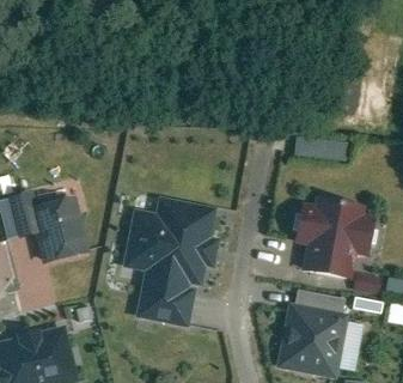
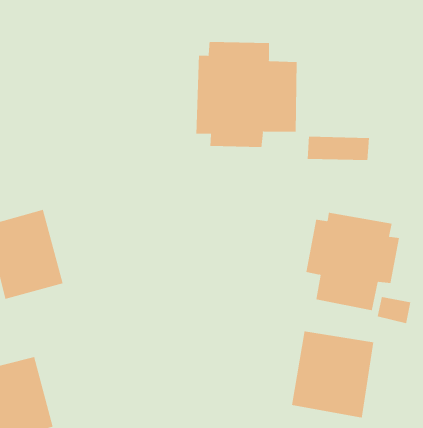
building: none -> [196,41,297,148]
building: [124,194,221,327] -> none

